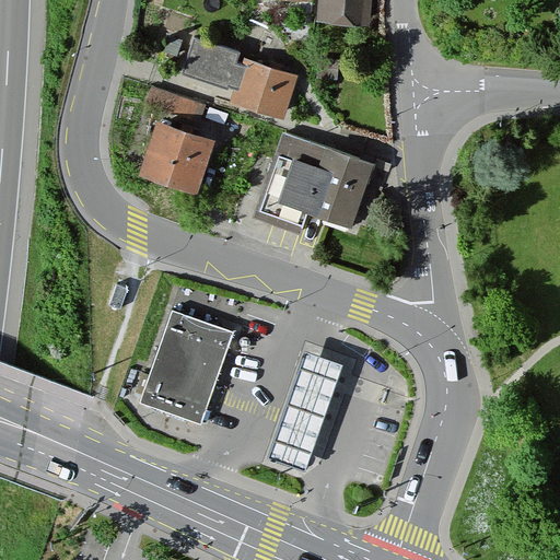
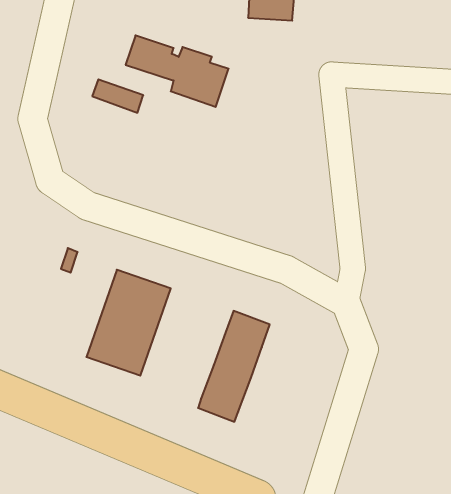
building: [138,124,213,196] -> none
building: [260,137,373,230] -> none

